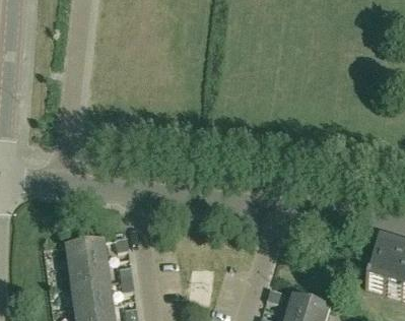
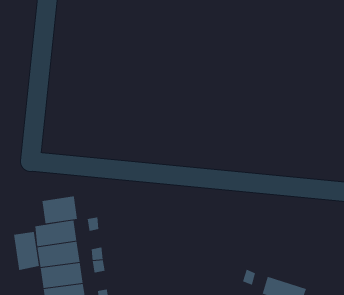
building: none -> [42,196,78,224]
building: none -> [13,231,40,271]

